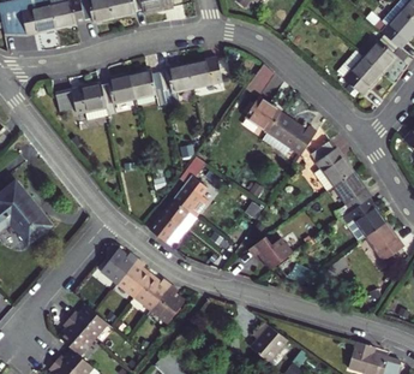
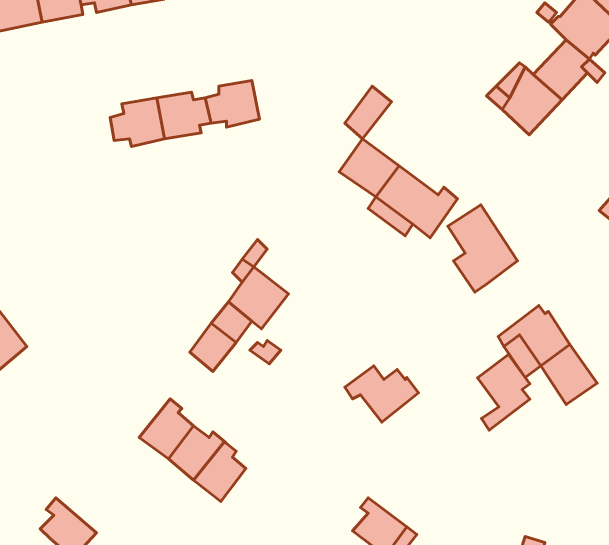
building: [188,57,222,85] -> none
building: [56,81,104,111] -> none
building: [334,173,366,220] -> [478,355,530,430]
building: [103,249,138,283] -> none
building: [67,309,106,342] -> none

